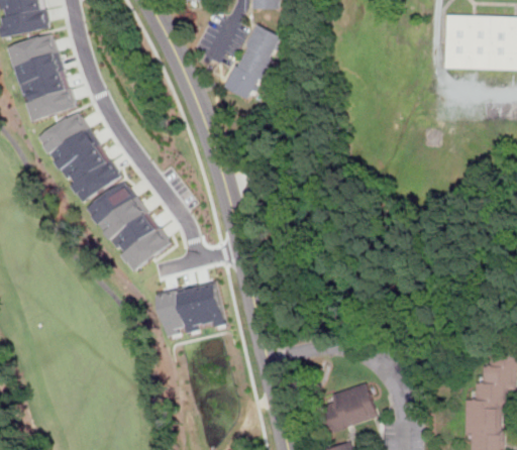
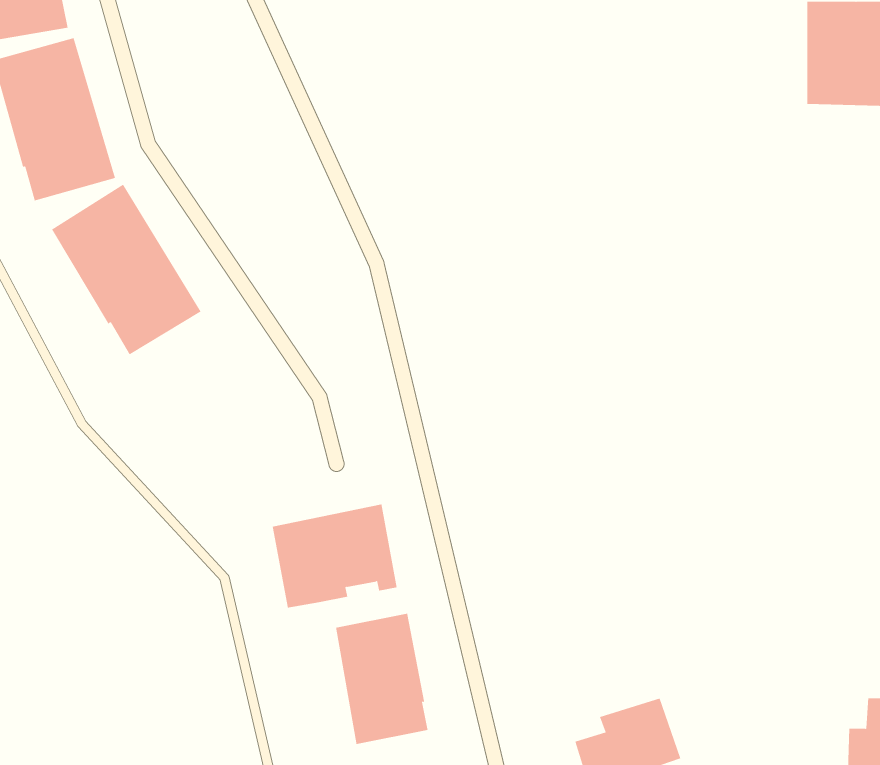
building: [225,24,281,99] -> none
building: [87,181,170,270] -> none
building: none -> [335,613,428,745]

